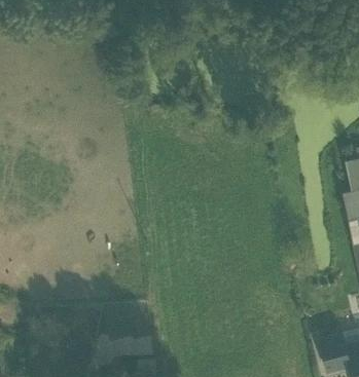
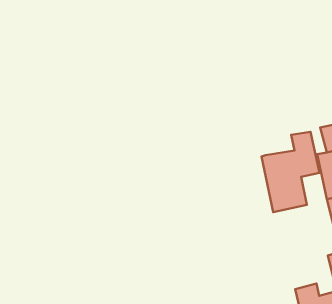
building: none -> [261,132,319,212]

